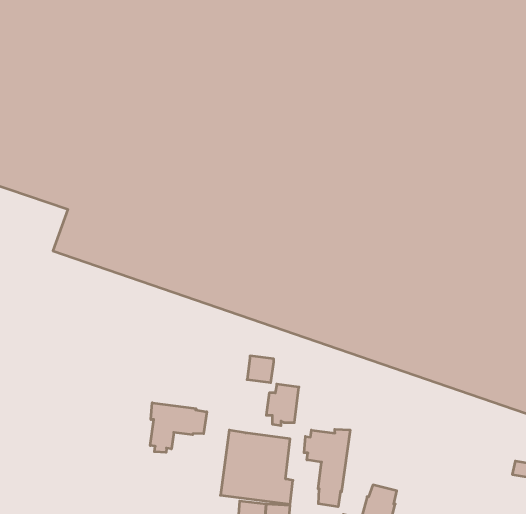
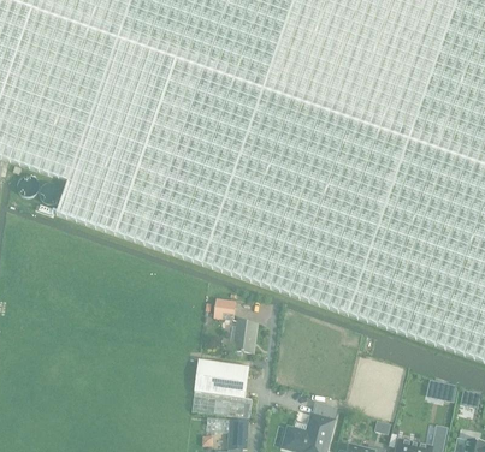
building: [150,403,207,452] -> none
building: [304,429,350,507] -> none

